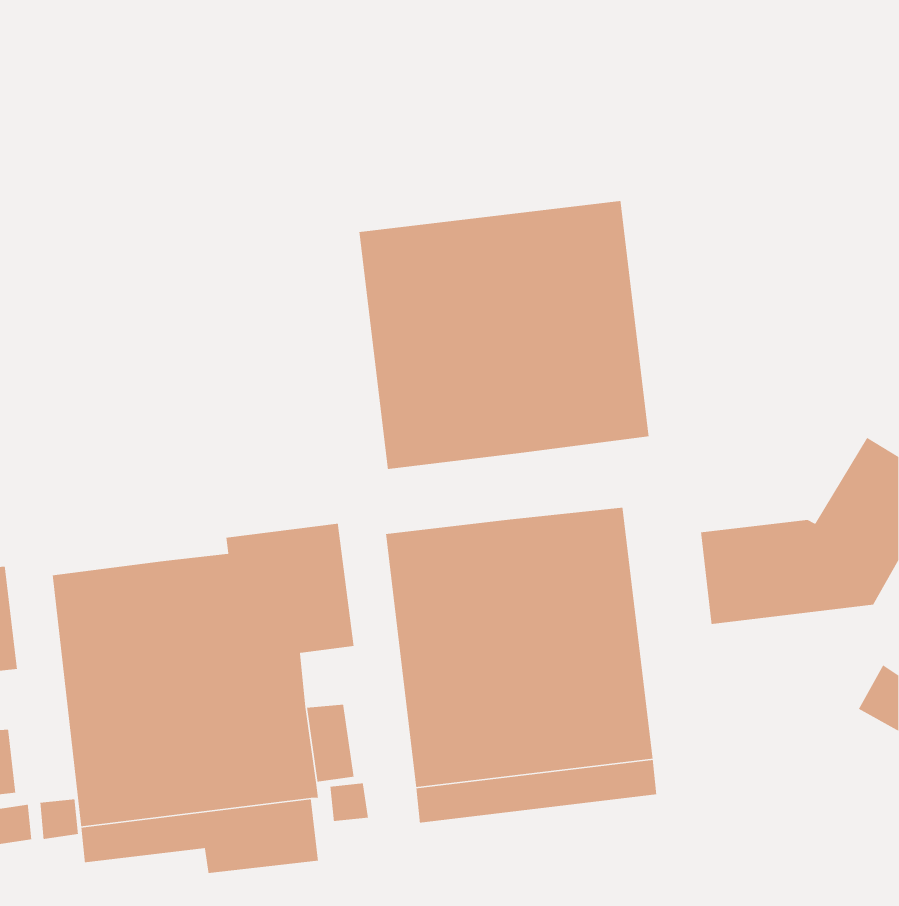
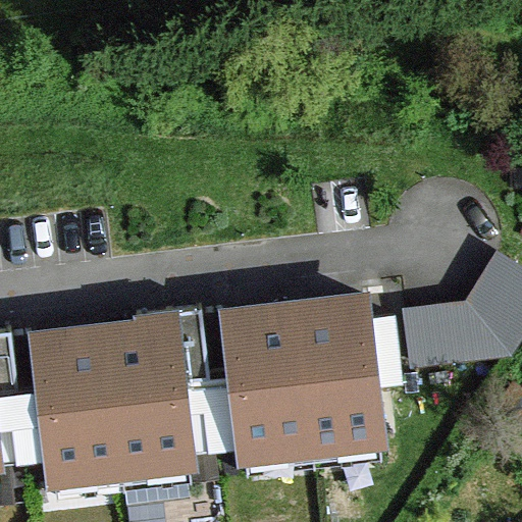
building: [359,200,649,470] -> none

